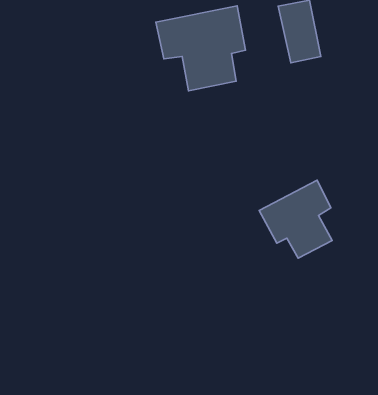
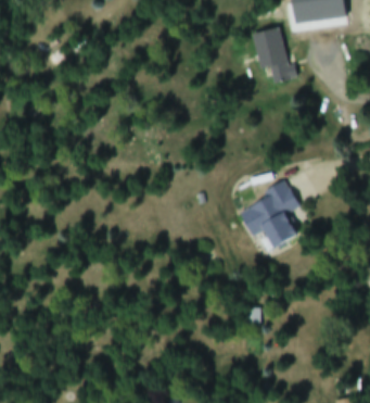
building: [156,6,246,91] -> none

